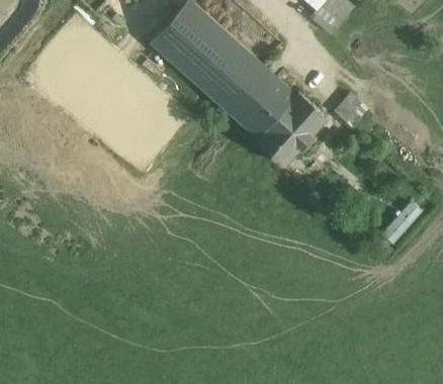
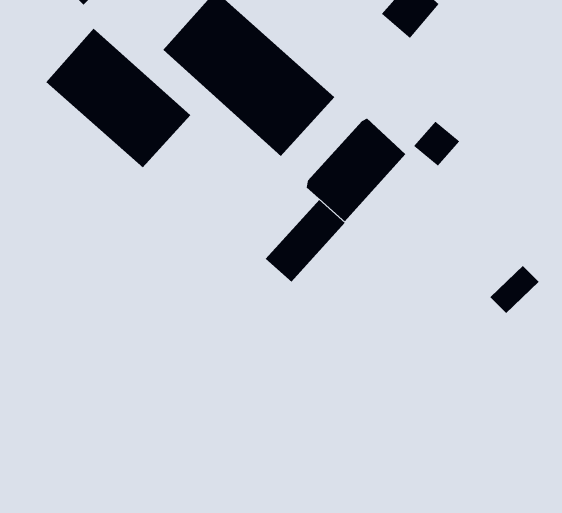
building: none -> [45,28,191,168]
building: [236,76,294,136] -> [265,199,346,283]

